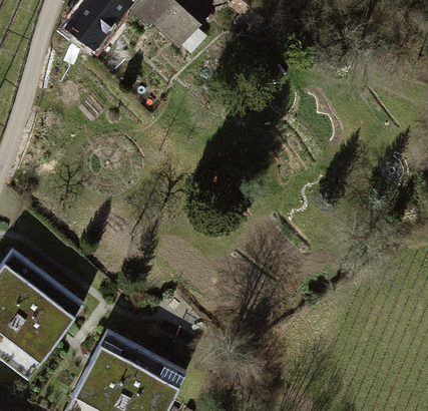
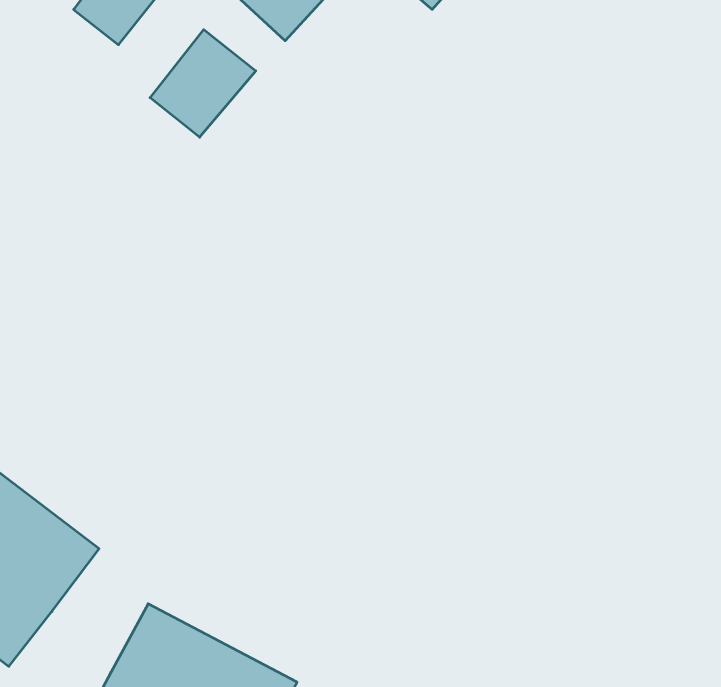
building: none -> [150,30,256,137]

